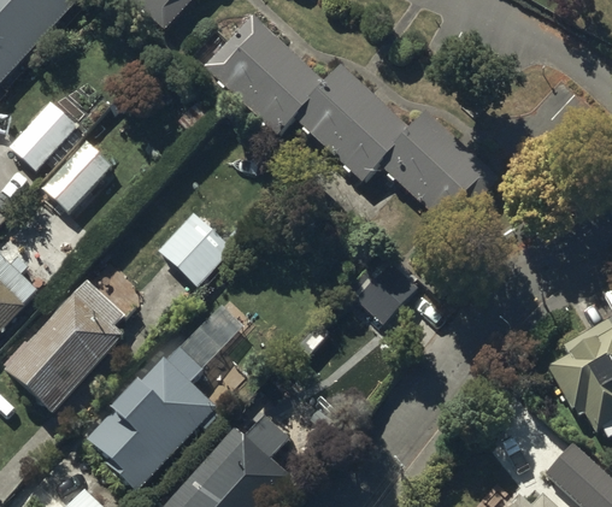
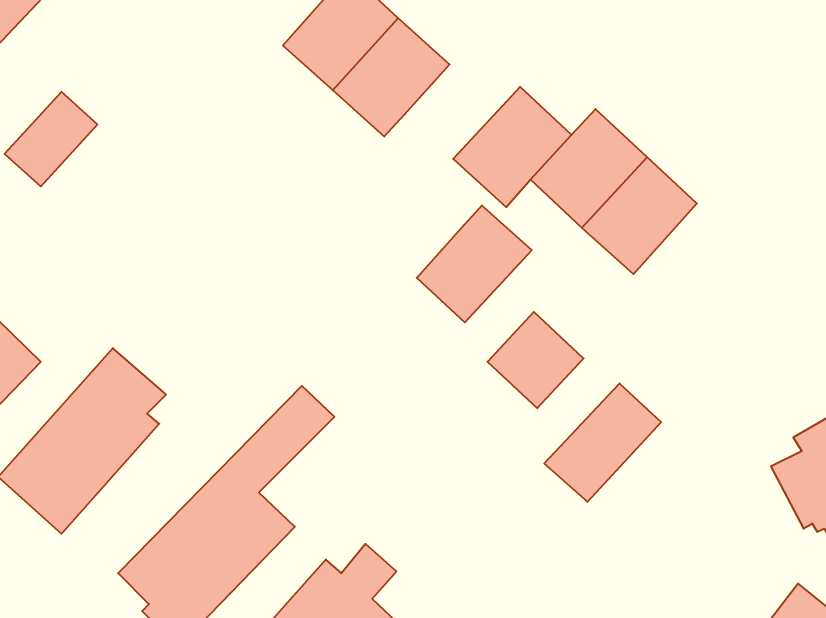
building: [292,66,372,148] -> [417,205,532,322]
building: [45,143,111,212] -> none
building: [159,212,233,285] -> none
building: none -> [544,383,661,502]

